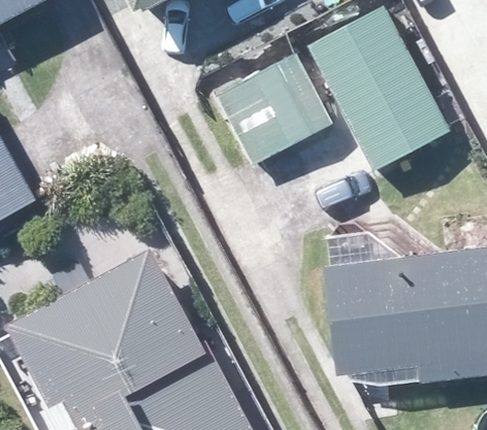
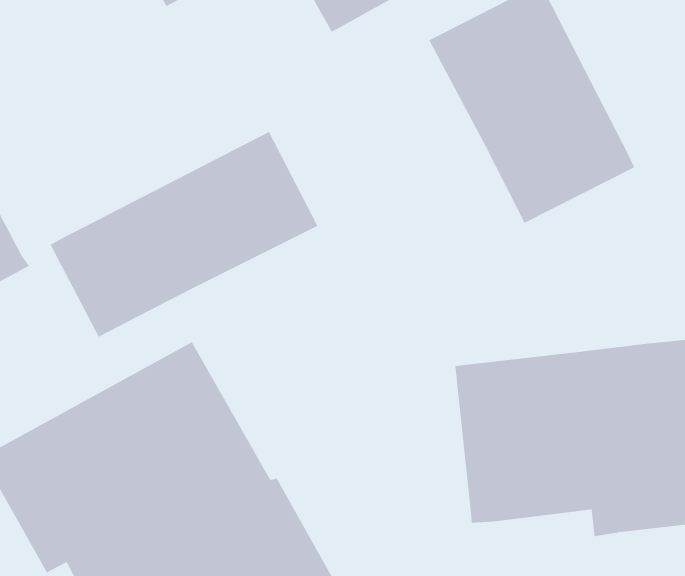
building: [217,53,332,163] -> none
building: none -> [50,131,318,338]

